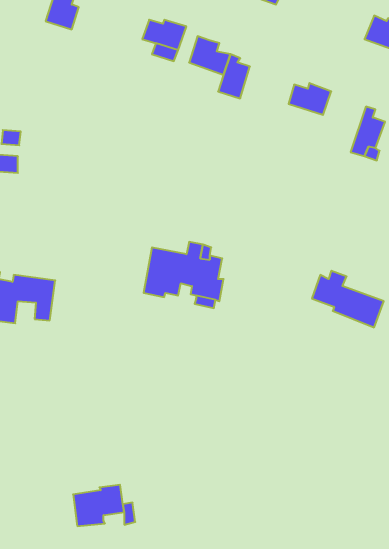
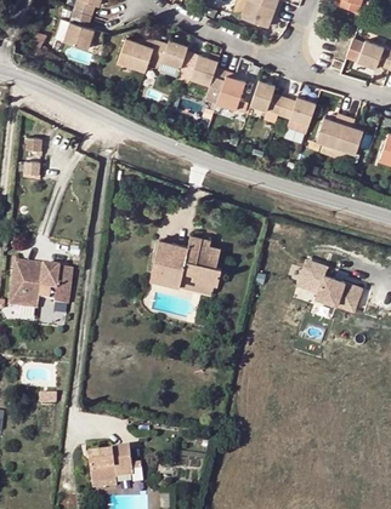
building: none -> [117,38,154,73]
building: none -> [249,81,282,115]
building: none -> [314,114,345,158]

